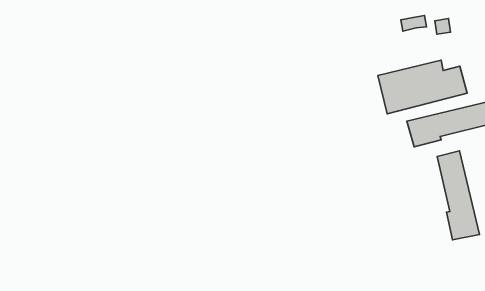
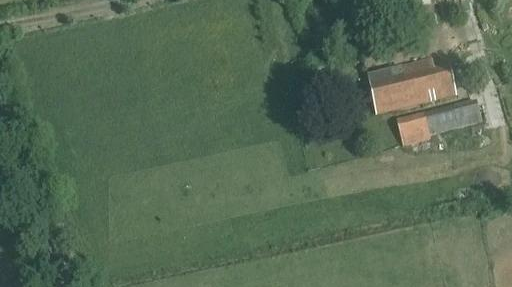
building: [437,151,480,240] -> none

